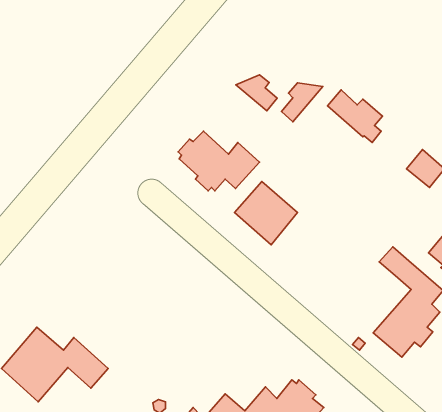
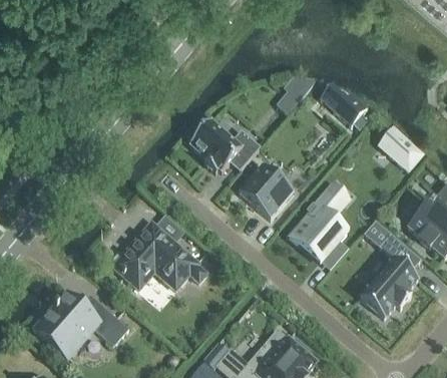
building: [236,75,277,111] -> none
building: none -> [289,187,346,257]
building: none -> [113,222,205,288]

